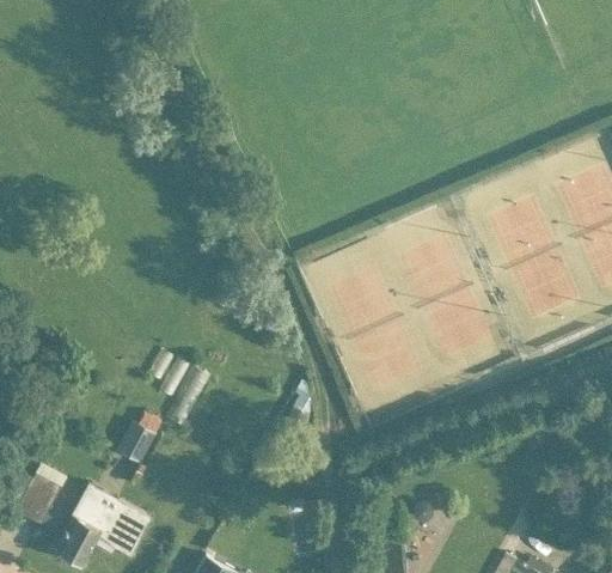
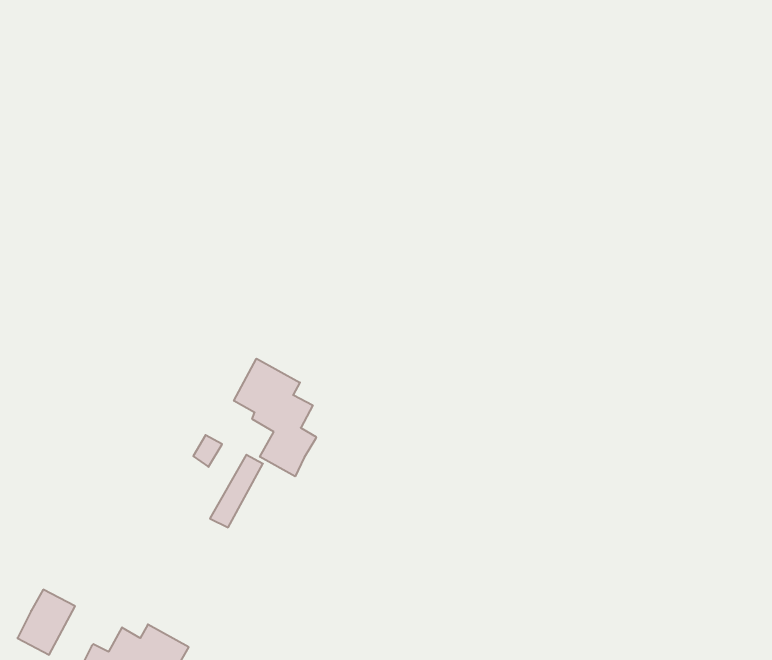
building: none -> [234,359,316,476]
building: [117,413,161,462] -> none

